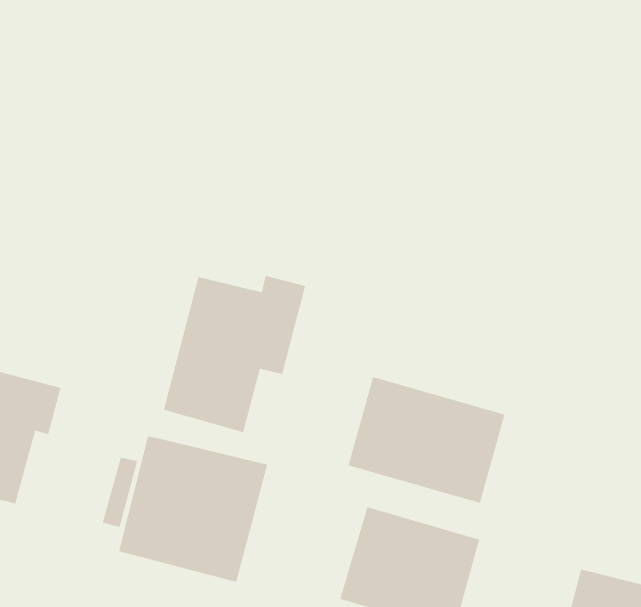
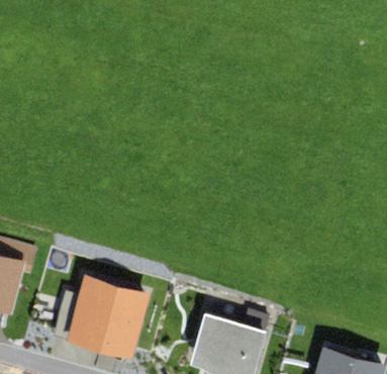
building: [163,275,306,433] -> none
building: [347,376,506,504] -> none

